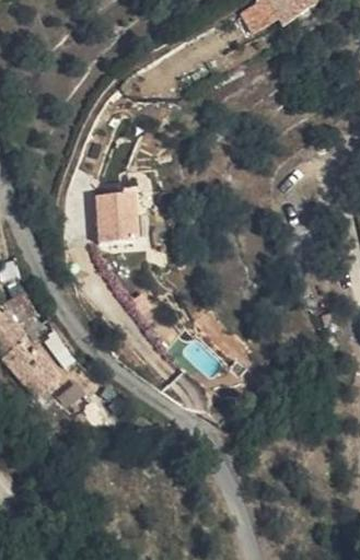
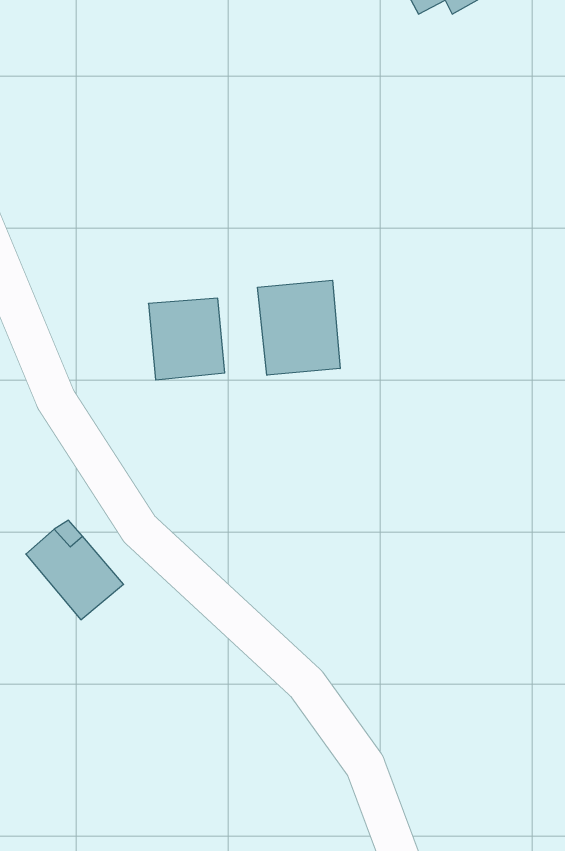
building: none -> [258,280,340,375]

